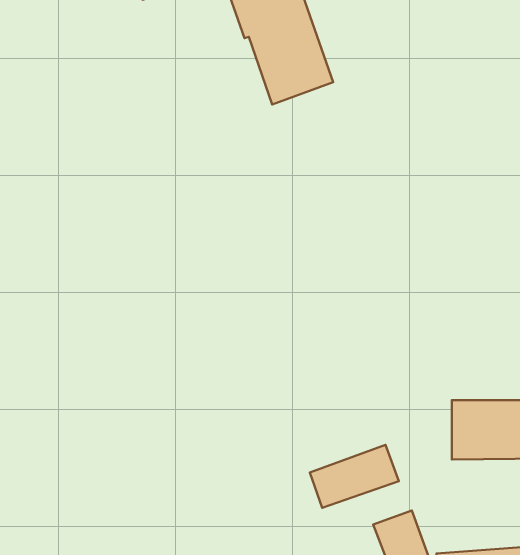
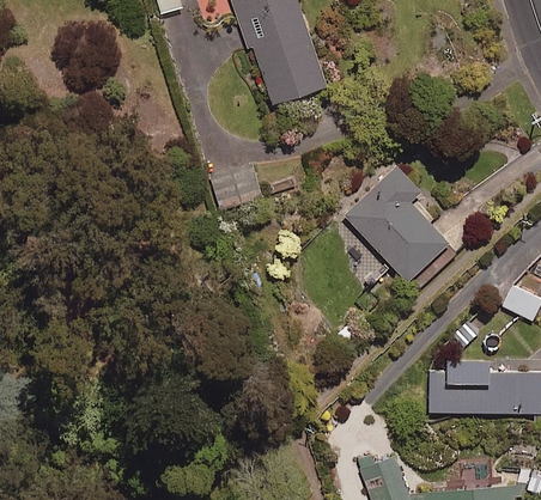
building: none -> [345,166,448,283]
building: [310,445,399,508] -> none

